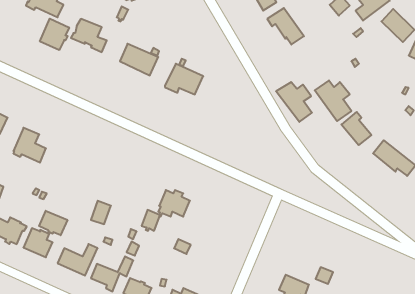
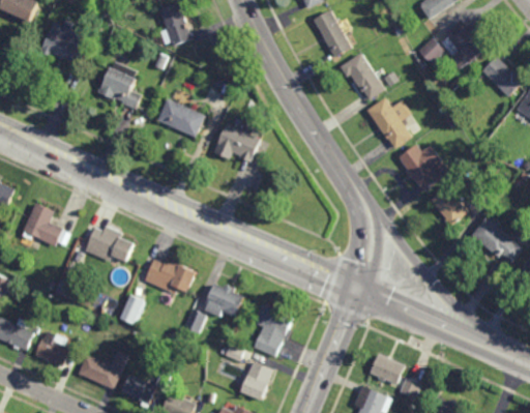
building: [40,19,69,50] -> none
building: [276,82,312,122] -> [367,99,412,149]
building: none -> [86,229,131,262]
building: none -> [144,258,196,294]
building: none -> [253,301,293,356]
building: [39,211,67,235] -> none
building: none -> [371,355,404,385]
building: none -> [240,360,273,400]

